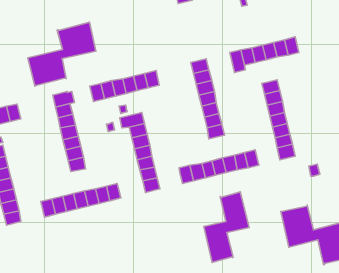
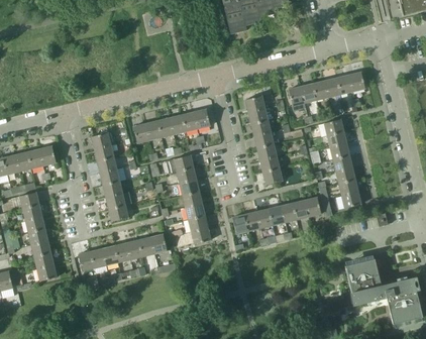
building: [28,22,96,86] -> none
building: [204,192,249,262] -> none

